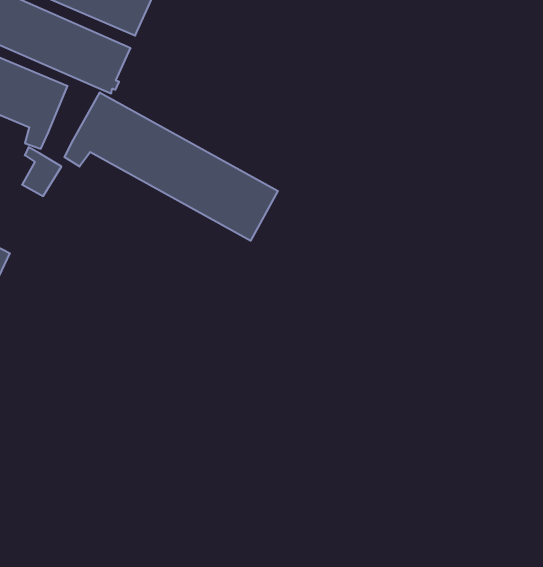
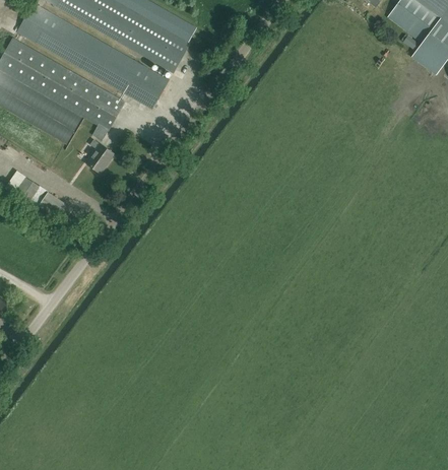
building: [64,92,278,241] -> none

